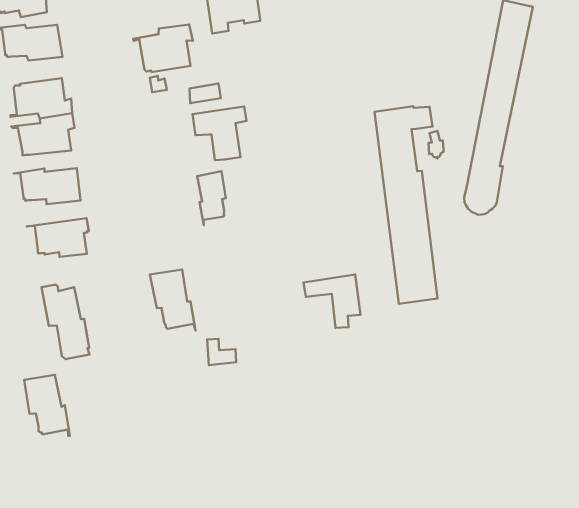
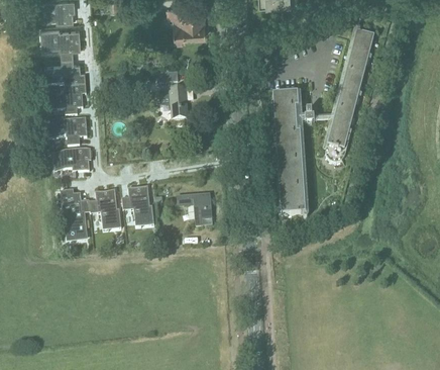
building: [133,25,193,72] -> none
building: [197,171,226,225] -> none
building: [303,275,361,328] -> [177,194,211,226]
building: [24,375,70,436] -> [95,191,121,229]

